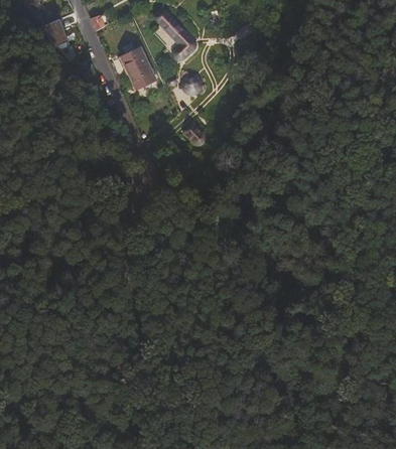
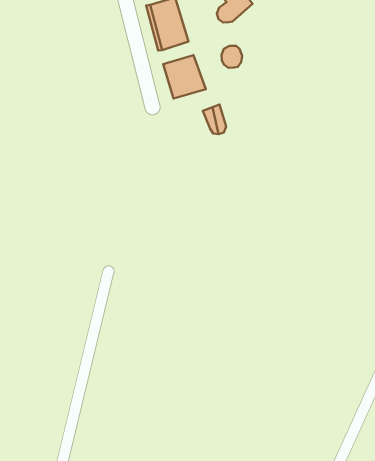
building: none -> [163,55,206,99]

